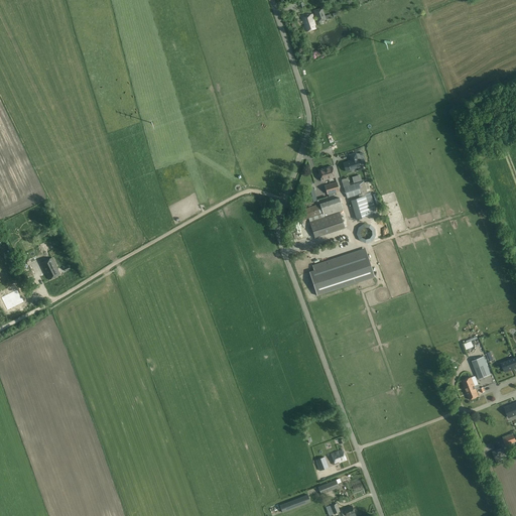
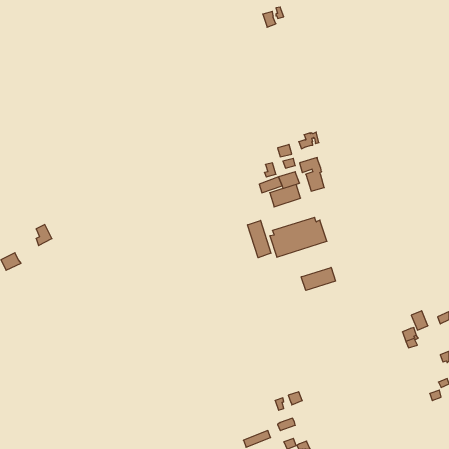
building: none -> [248,220,271,258]
building: none -> [301,267,336,290]

